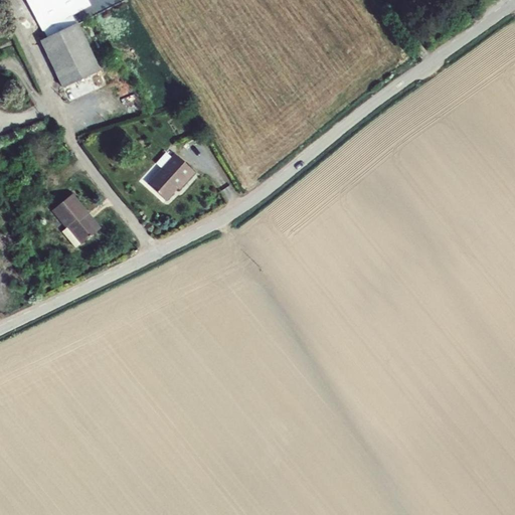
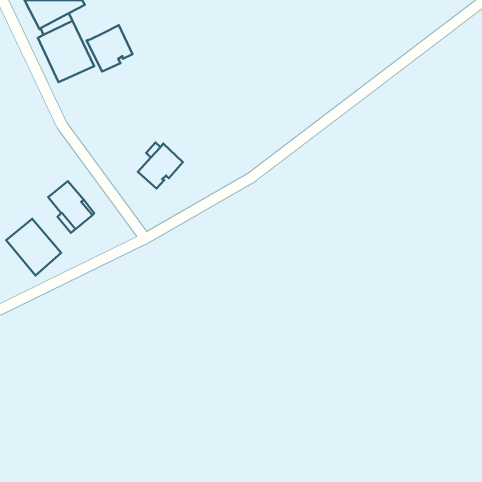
building: none -> [87,25,133,72]
building: none -> [6,219,61,275]

